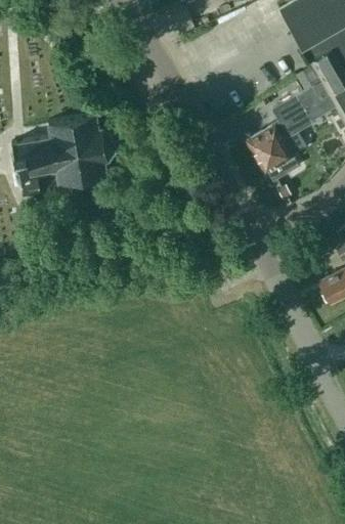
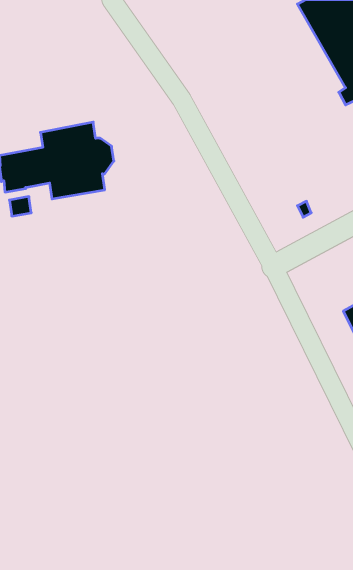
building: [248,86,320,180] -> none

